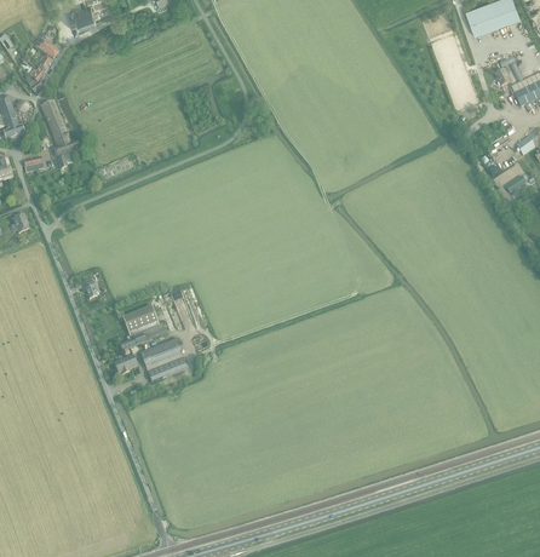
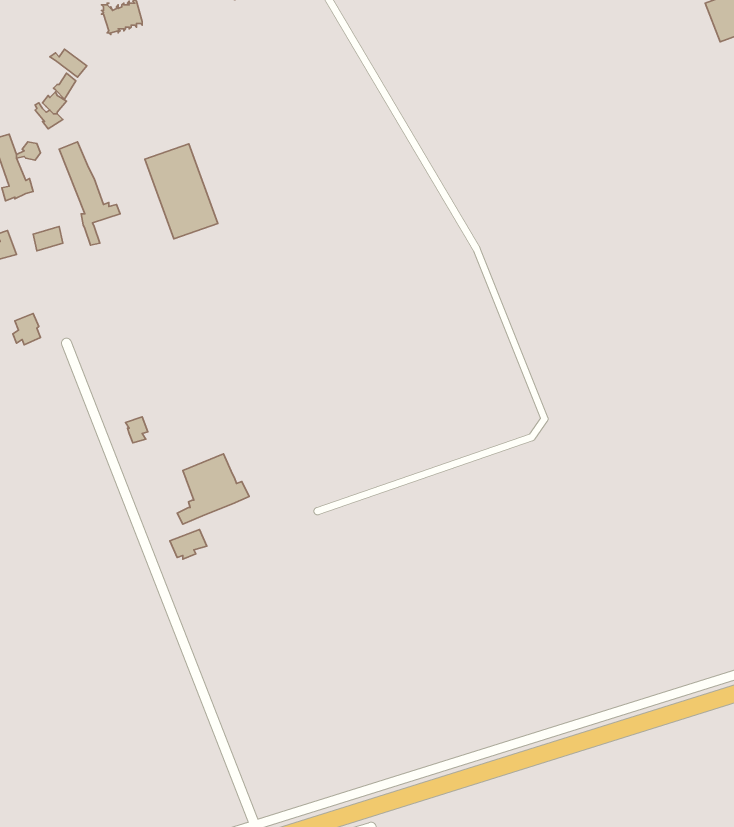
building: none -> [145,144,218,239]
building: [139,338,184,381] -> none

